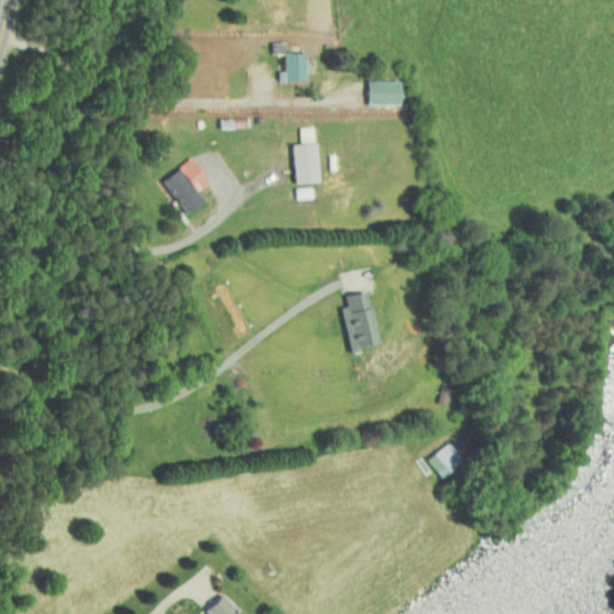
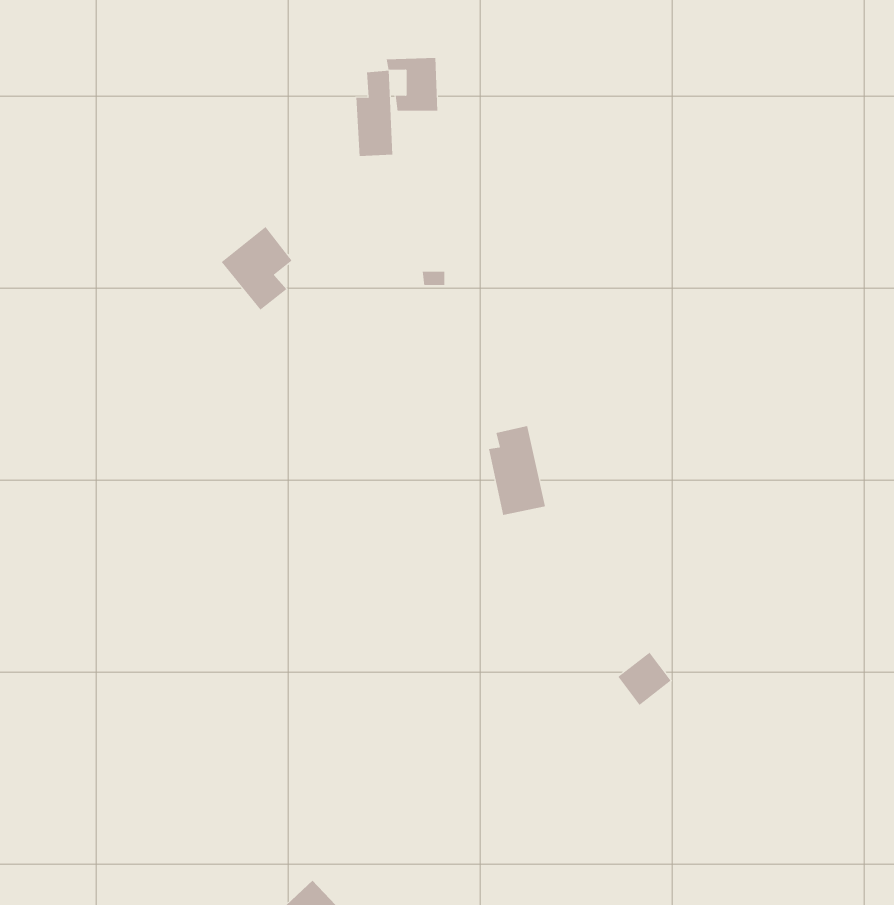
building: [369,82,402,104] -> none
building: [294,127,319,185] -> [355,70,393,157]

